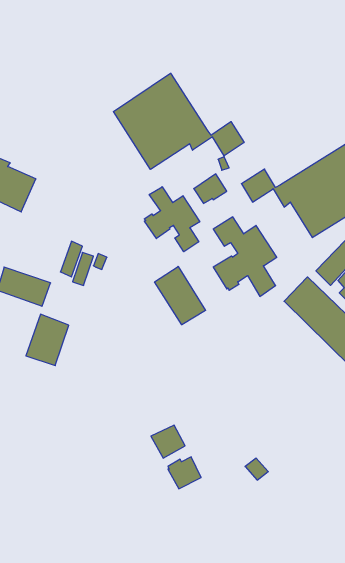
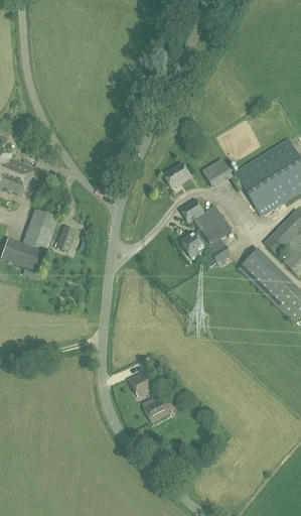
building: [113,73,244,169] -> none
building: [144,187,200,252] -> none
building: [155,266,206,325] -> none
building: [26,314,69,366] -> [23,208,58,250]

